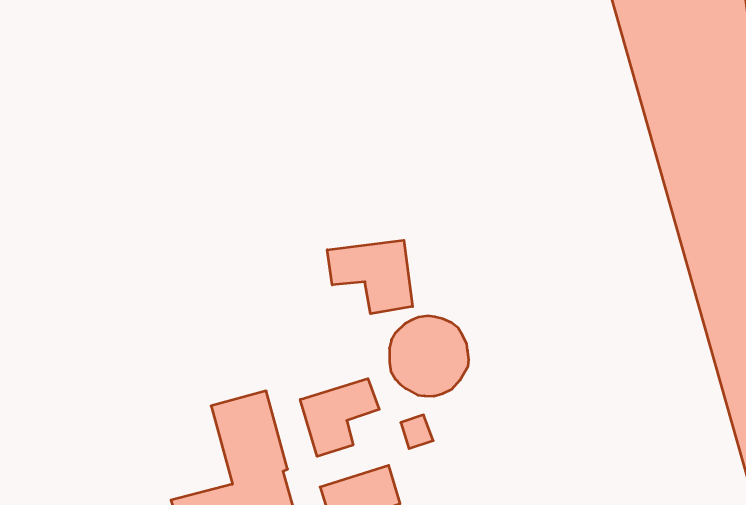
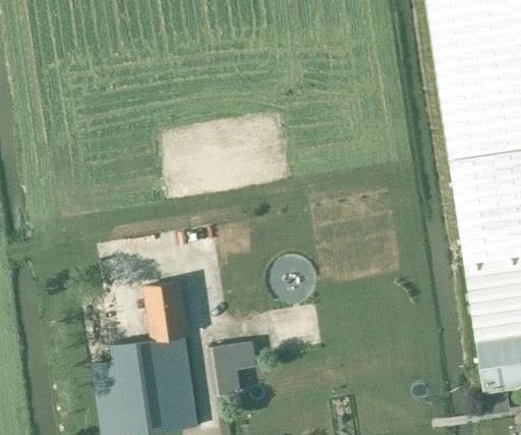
building: [327,240,413,314] -> none
building: [300,379,379,456] -> none

